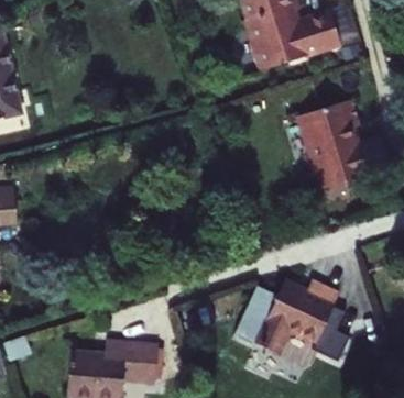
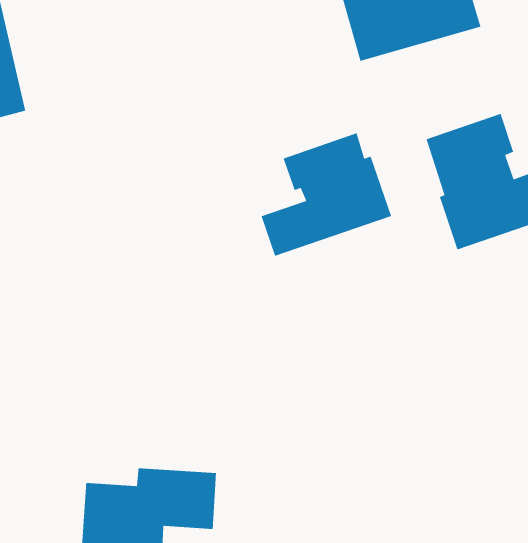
building: none -> [261,132,392,257]
building: [232,285,340,361] -> none

